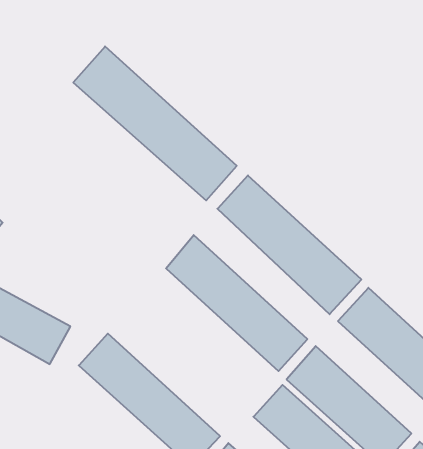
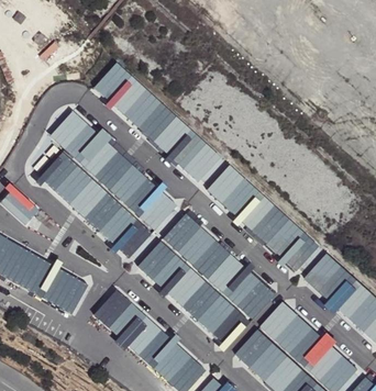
building: none -> [52,109,178,231]
building: none -> [41,153,151,259]
building: none -> [137,243,248,349]

